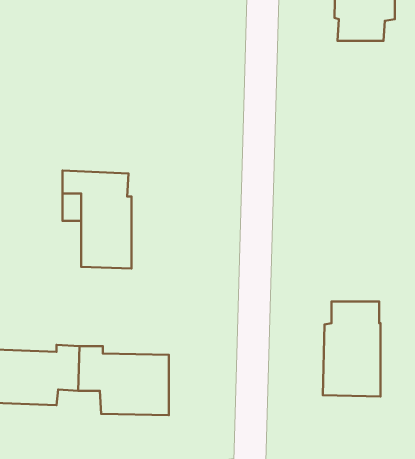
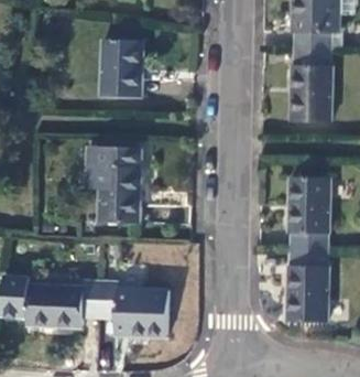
building: none -> [102,40,142,96]
building: none -> [293,50,334,122]
building: none -> [287,176,331,249]

